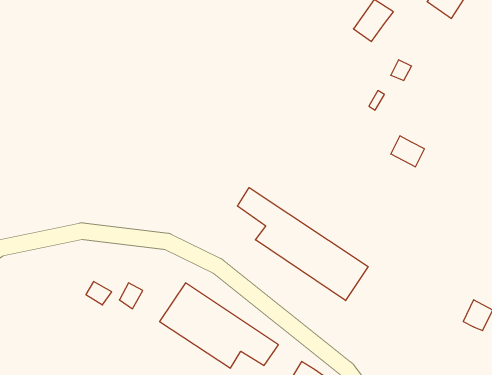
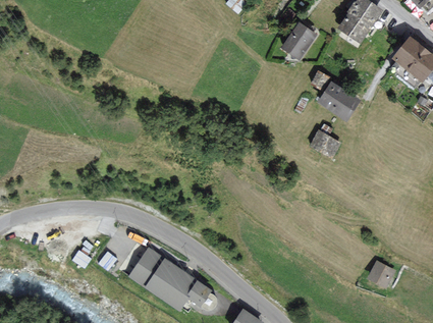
building: none -> [319,82,358,118]
building: [237,188,368,301] -> none

